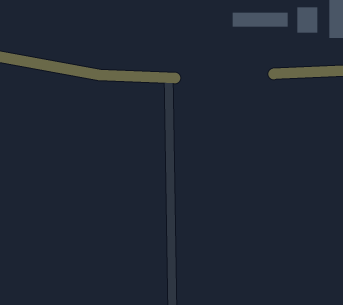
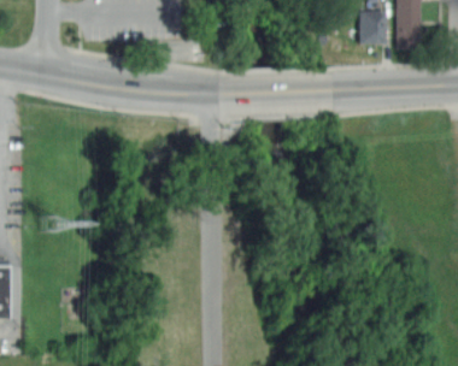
building: [232,12,288,28] -> none

